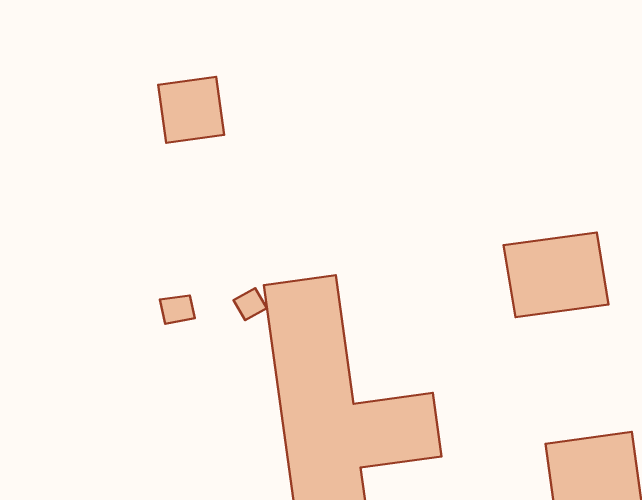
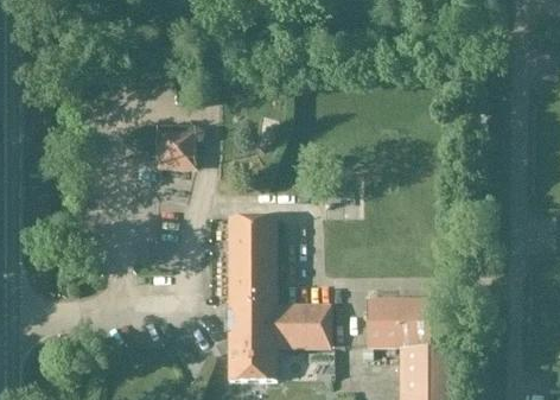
building: [158,77,224,143] -> [159,132,198,171]
building: [504,232,609,317] -> [367,299,431,348]

